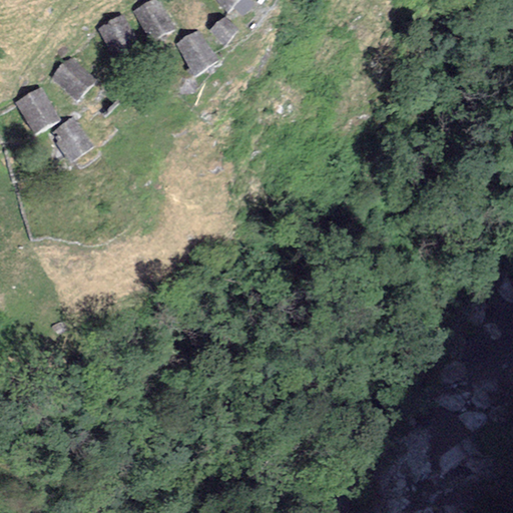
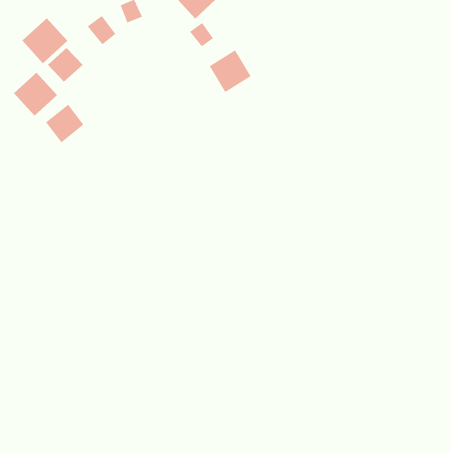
building: none -> [21,17,68,64]
building: [170,31,218,80] -> [209,49,251,93]

